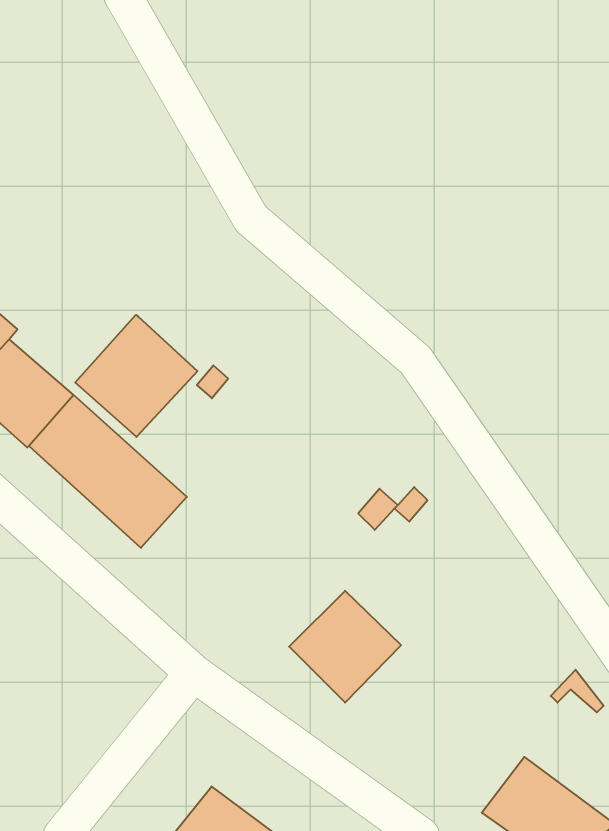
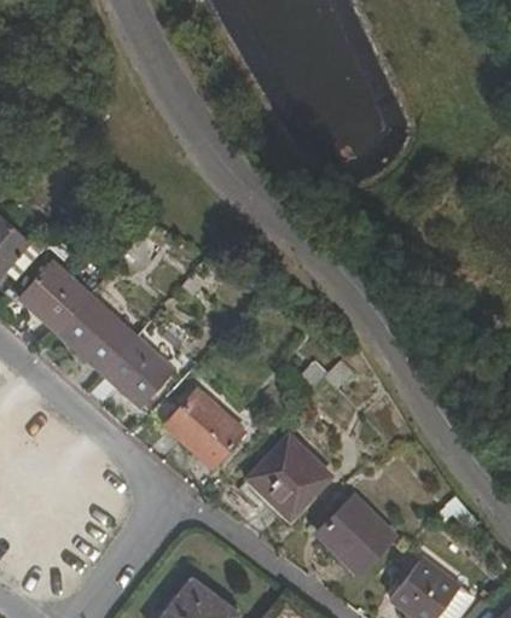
building: [75,315,197,437] -> none
building: none -> [152,379,243,467]
building: none -> [315,496,395,573]

